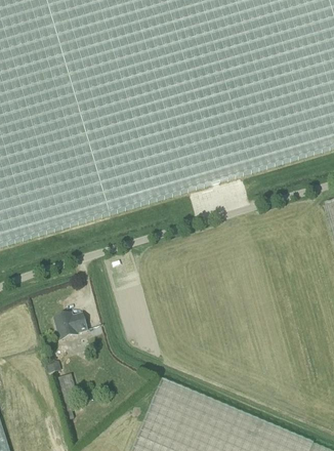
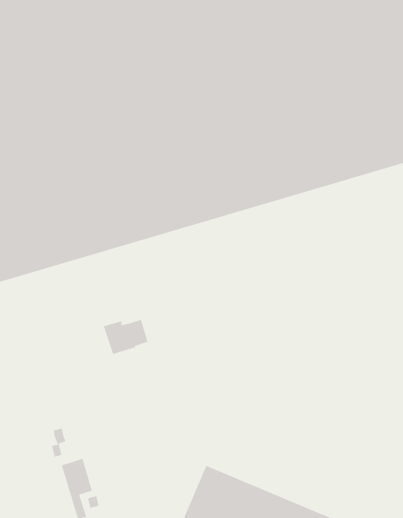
building: [52,308,86,334] -> [103,319,148,355]

